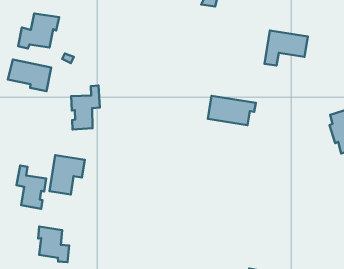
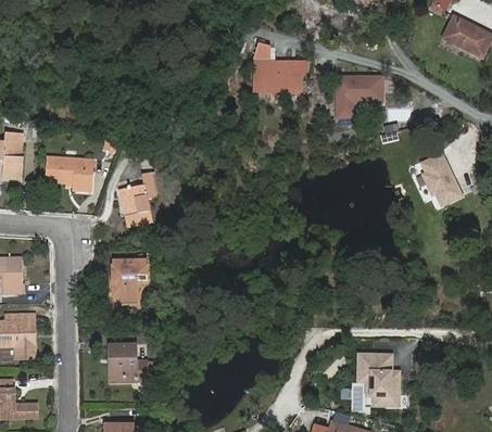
building: [18,13,59,49] -> none
building: [208,96,256,125] -> [254,63,306,90]
building: [16,165,46,209] -> none

